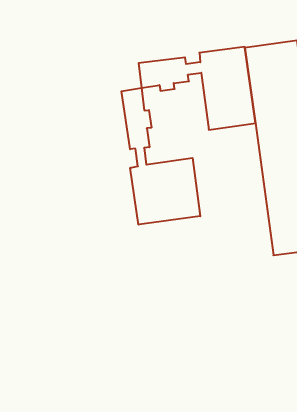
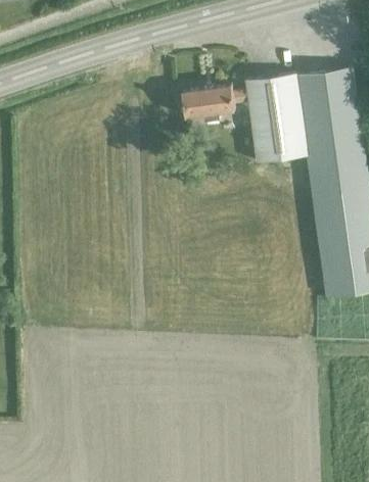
building: [121,88,200,225] -> none

